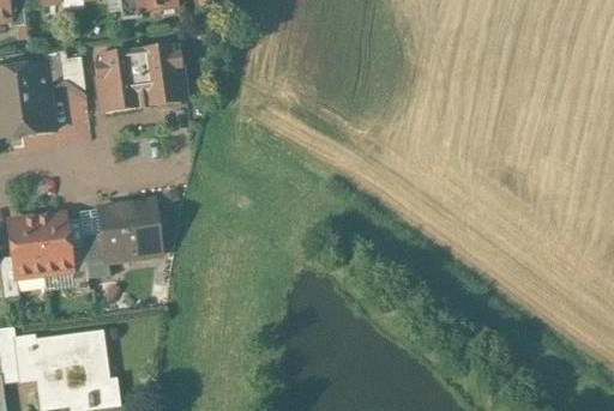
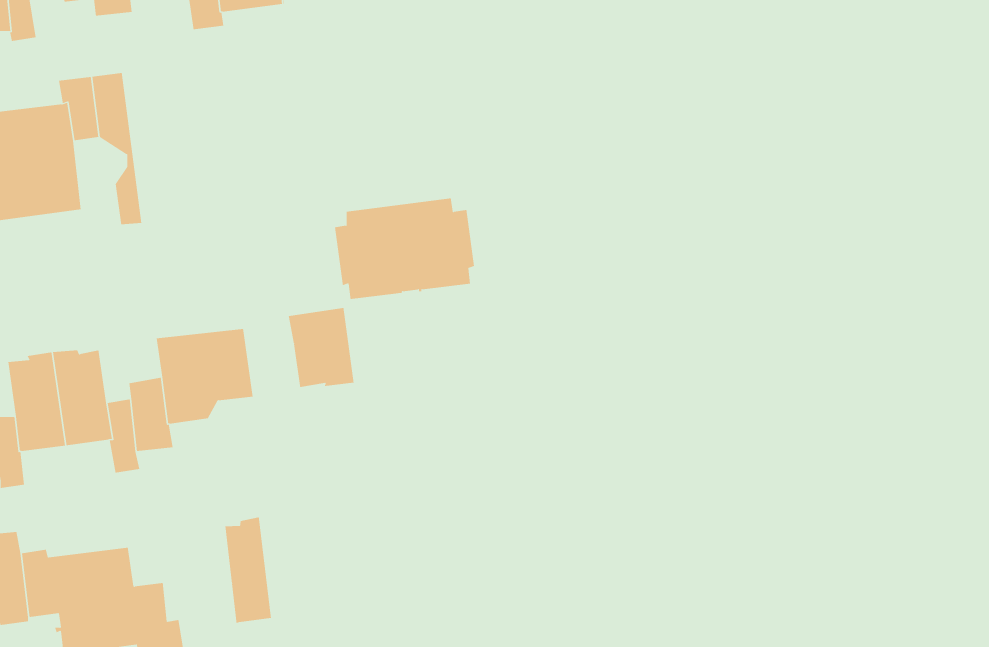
building: [96,48,182,110] -> [334,198,475,299]
building: none -> [288,307,354,388]
building: none -> [225,516,272,624]

